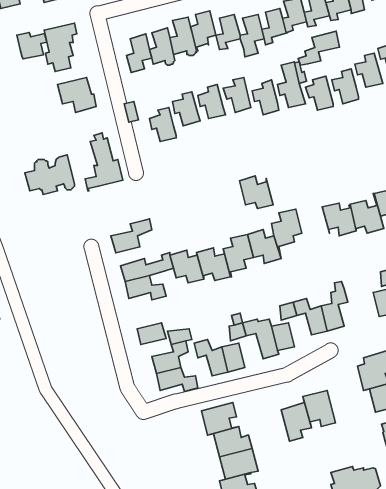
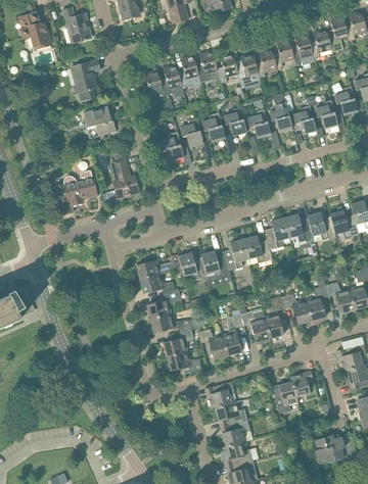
building: [298,31,340,65] -> none
building: [17,32,47,59] -> none
building: [239,176,273,209] -> [284,213,313,241]
building: [111,219,152,253] -> [146,290,181,319]
building: none -> [325,282,355,312]

